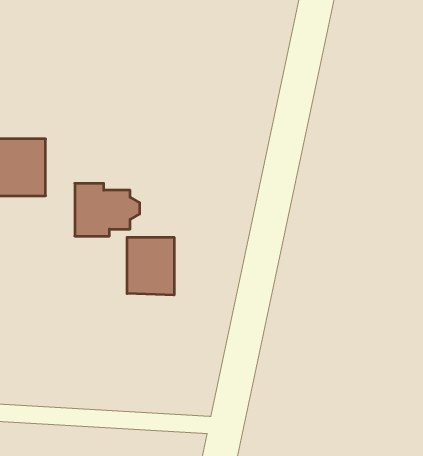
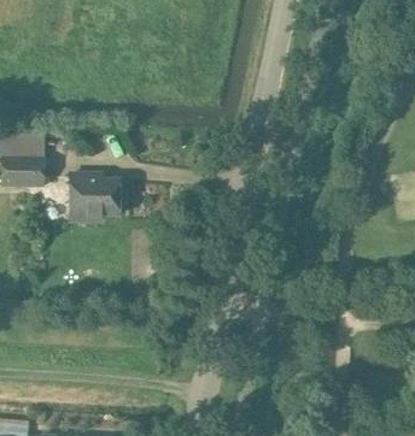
building: [127,237,174,295] -> none

